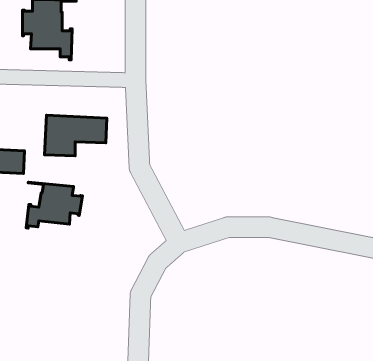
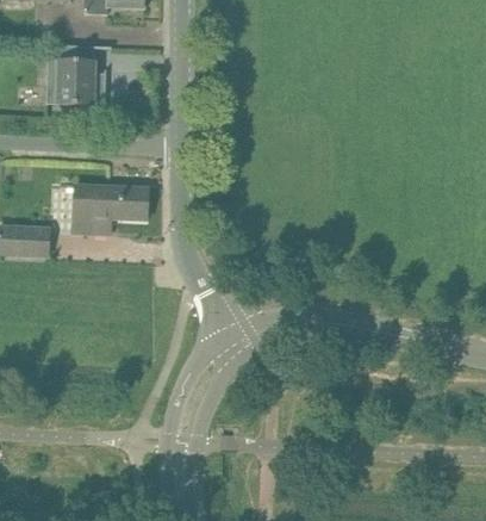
building: [26,182,83,228] -> none

